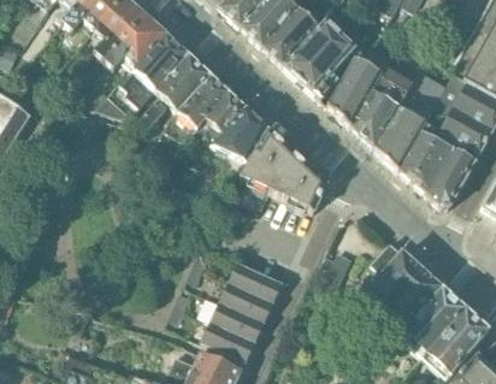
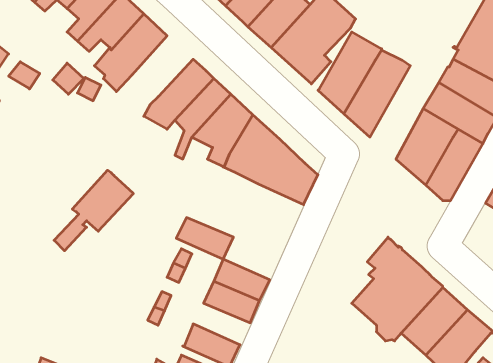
building: [138,53,212,128] -> [54,170,133,251]
building: [376,66,448,167] -> none
building: [212,301,265,339] -> [176,218,233,259]

